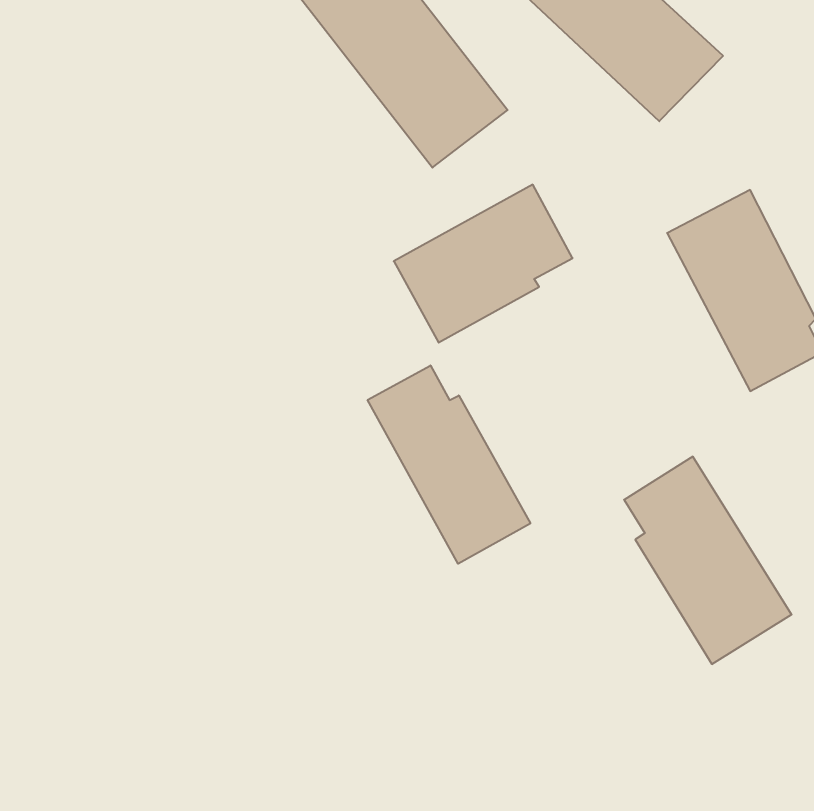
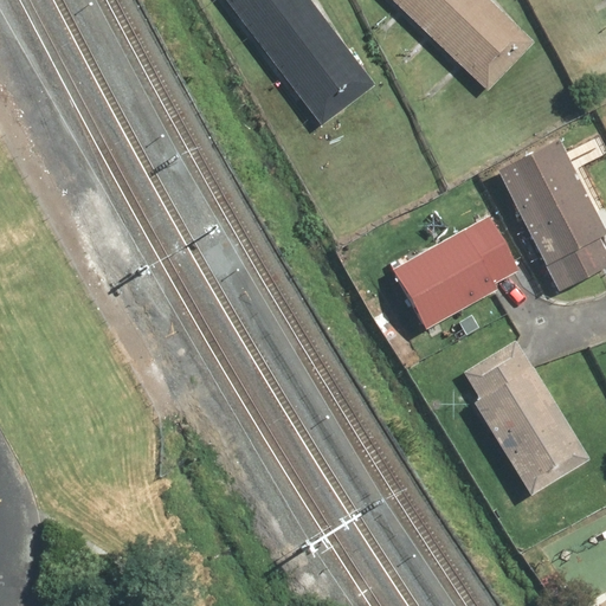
building: [394,185,573,343] -> [391,212,523,329]
building: [368,365,530,564] -> none

